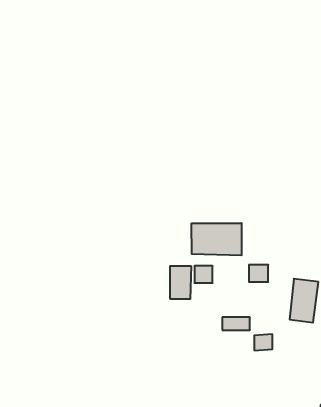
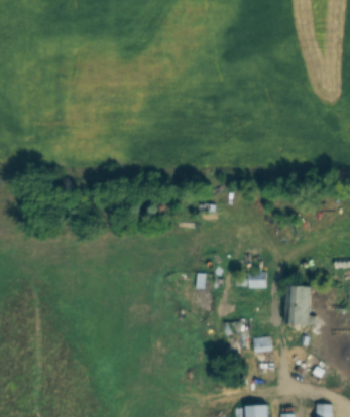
building: [192,223,242,255] -> none
building: [170,266,191,299] -> none

